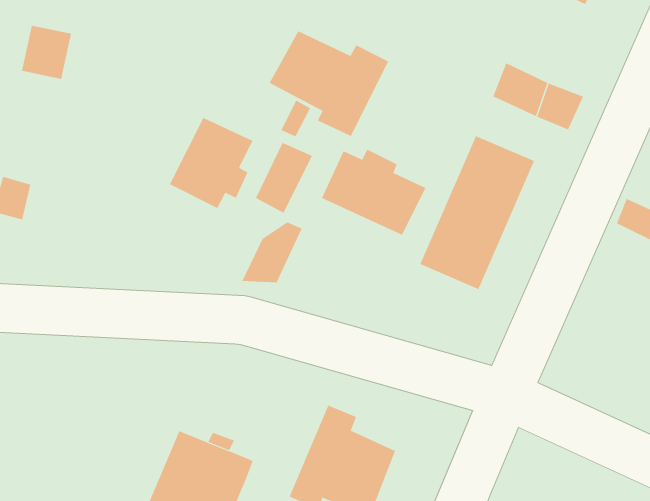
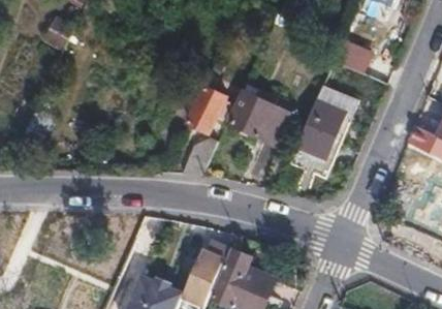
building: [269,31,389,137] -> none
building: [169,117,253,209] -> none
building: none -> [183,238,228,303]

